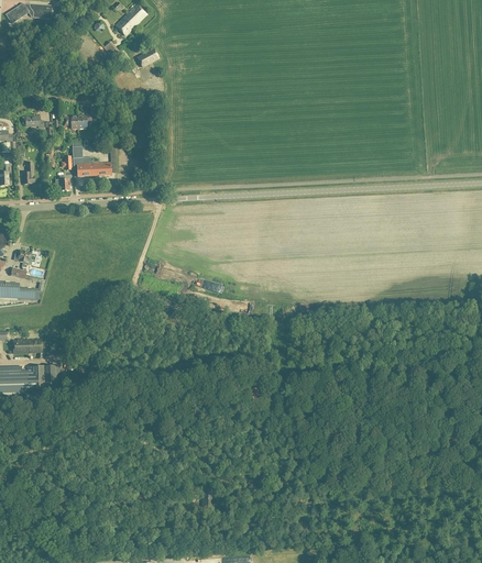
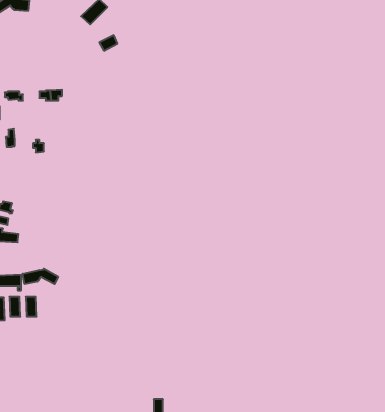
building: [72,141,110,177] -> none
building: none -> [23,269,58,284]

